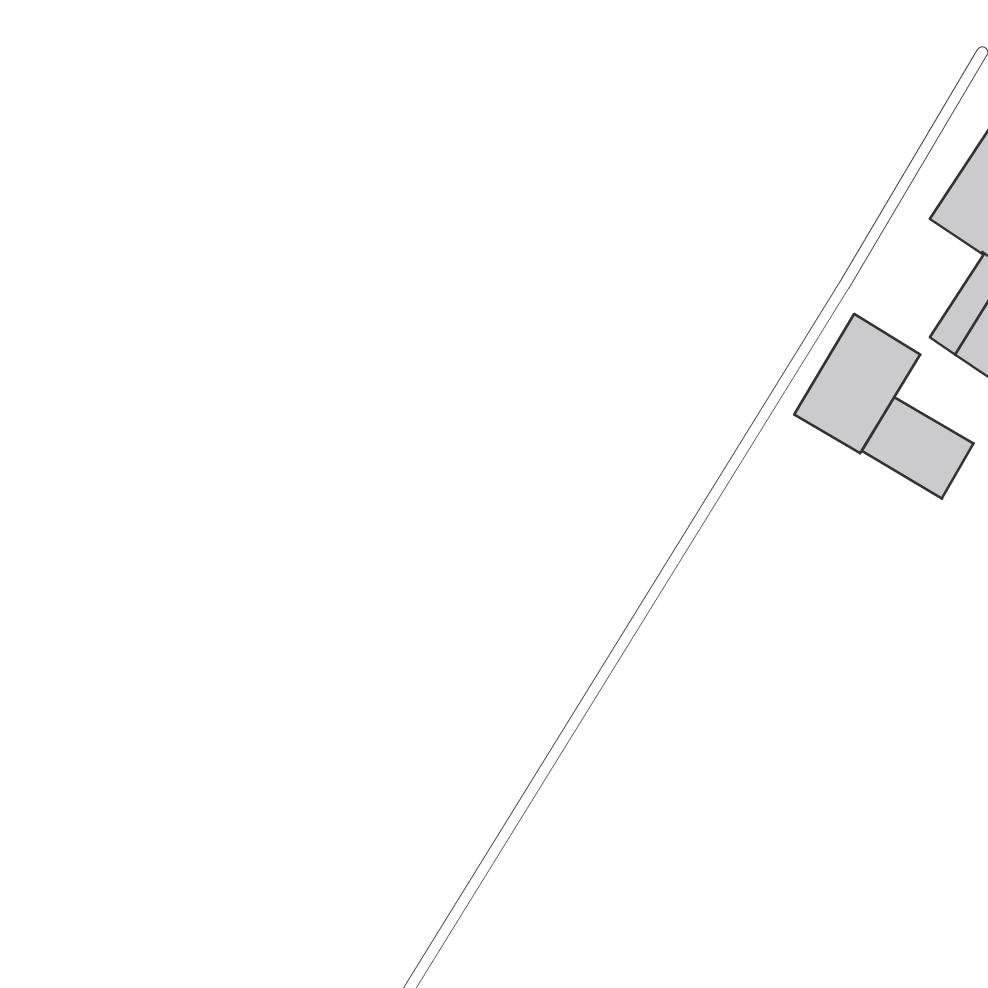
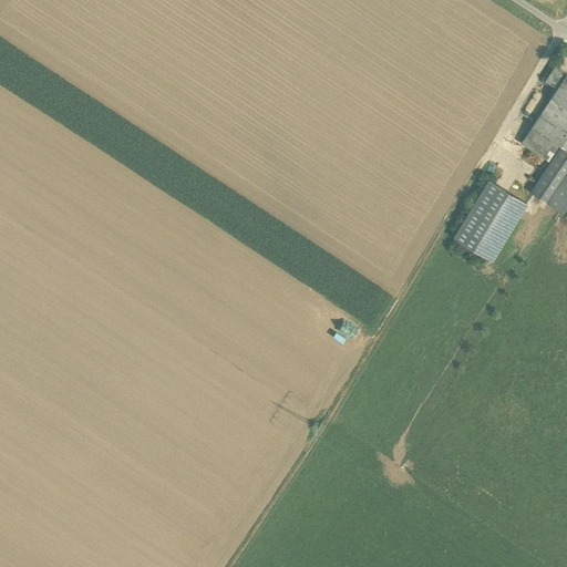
building: none -> [522,126,559,162]
building: [862,397,974,499] -> none

